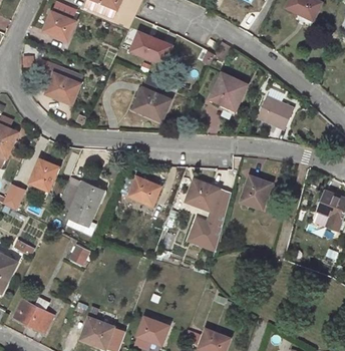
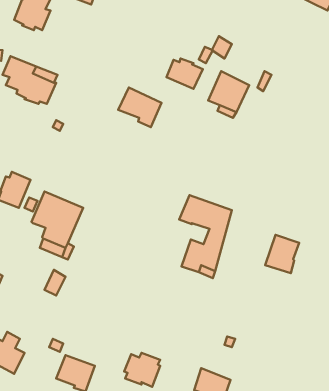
building: [140,38,171,64] -> [166,59,203,89]
building: [257,96,293,129] -> none
building: [241,176,270,209] -> [265,235,299,273]
building: [128,177,159,206] -> none

